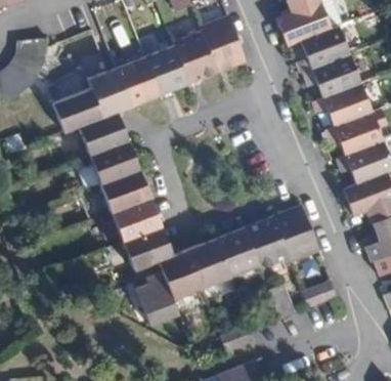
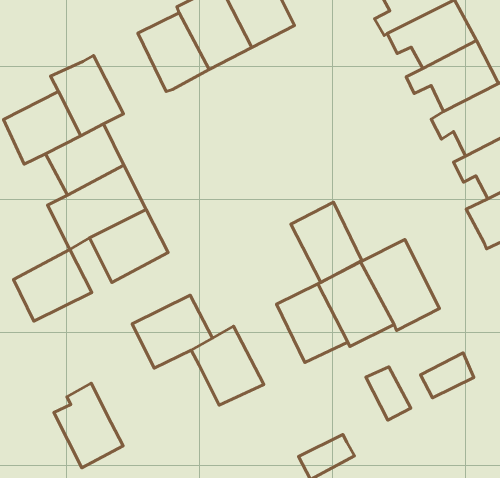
building: [115,56,159,107] -> none
building: [112,198,161,241] -> [13,250,92,321]
building: [186,238,229,288] -> [291,202,362,282]
building: [136,271,178,325] -> [54,383,123,468]

